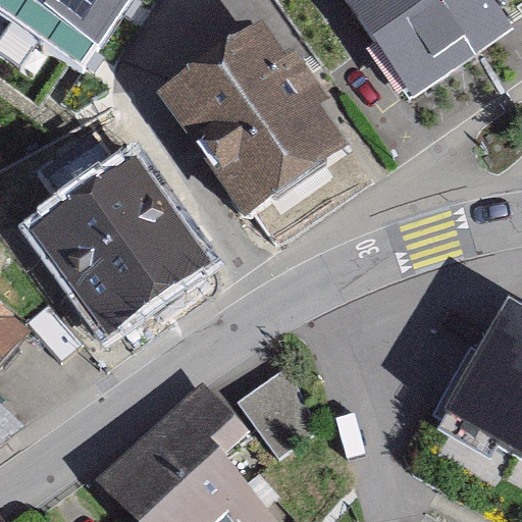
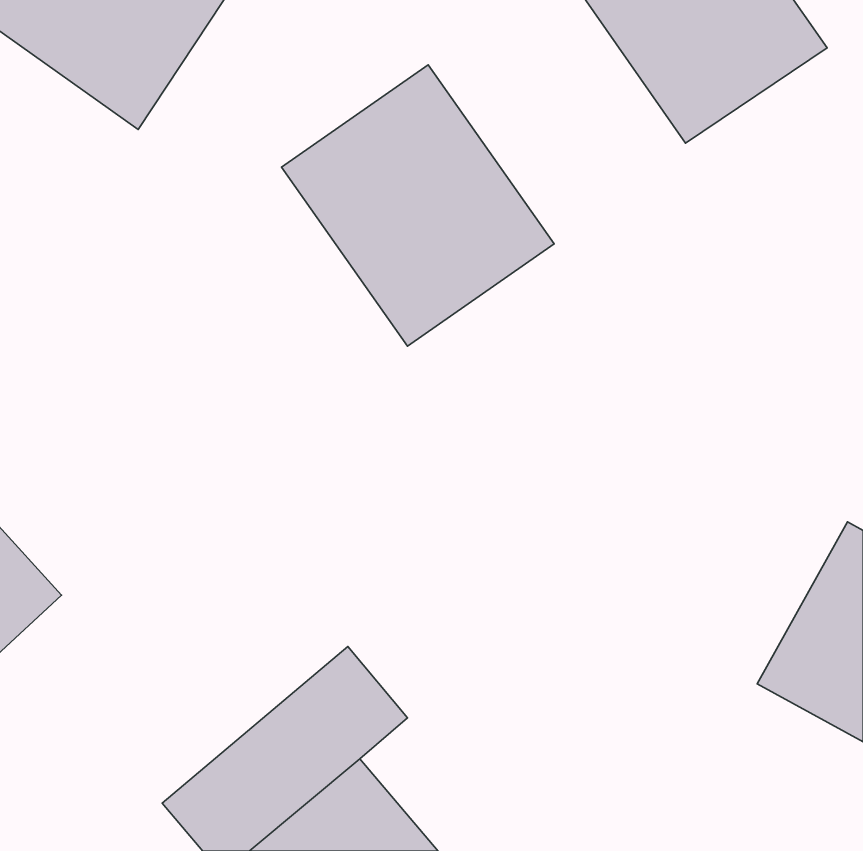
building: [41,174,191,327] -> none
building: [238,361,320,450] -> none

